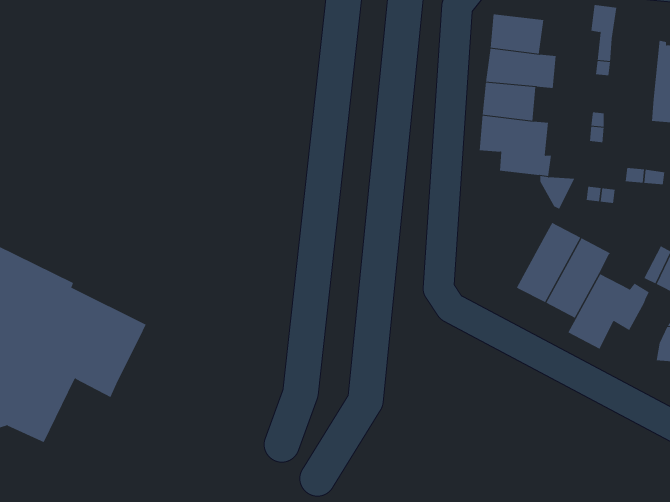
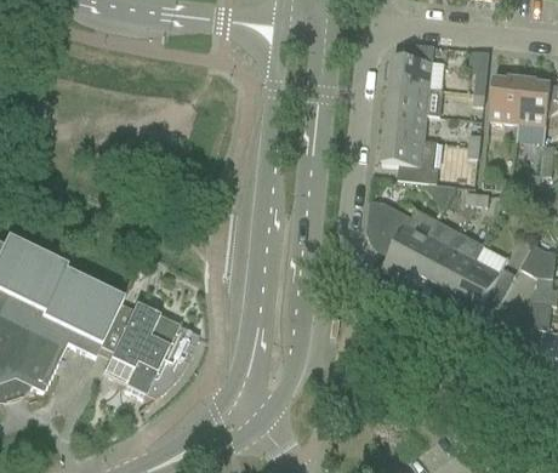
building: none -> [489,75,522,121]
building: none -> [366,199,429,280]
building: none -> [98,302,197,415]

